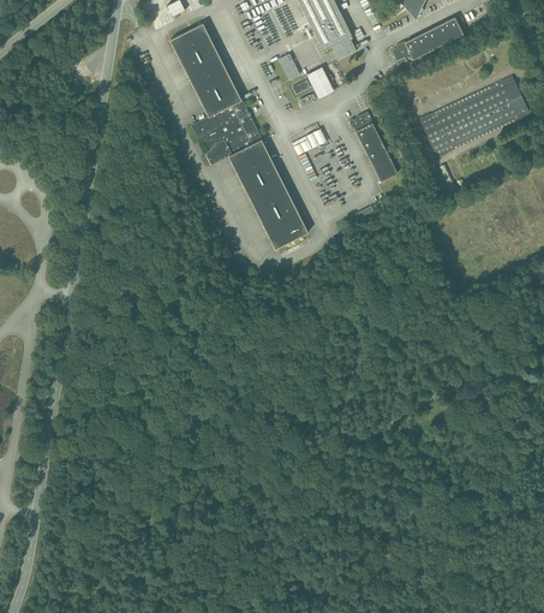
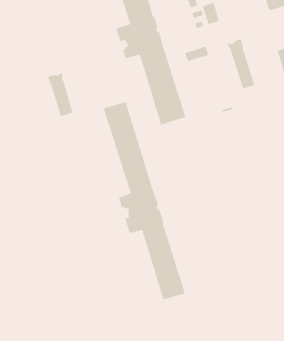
building: none -> [48,72,73,117]
building: none -> [103,101,185,300]

